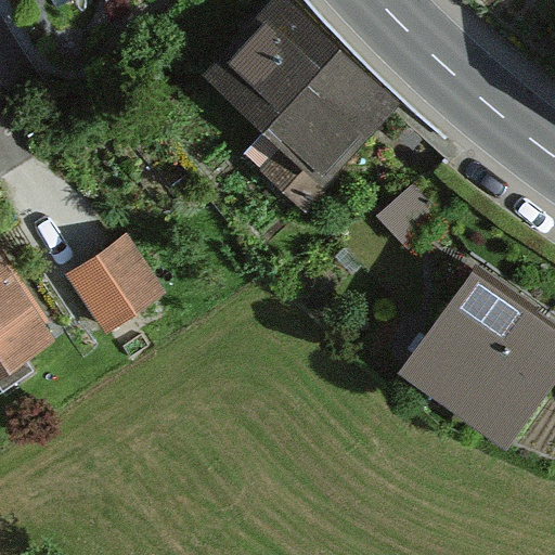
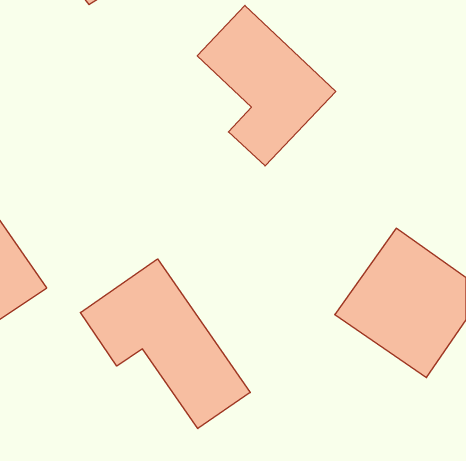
building: [75,234,163,323] -> none
building: none -> [80,259,250,429]

